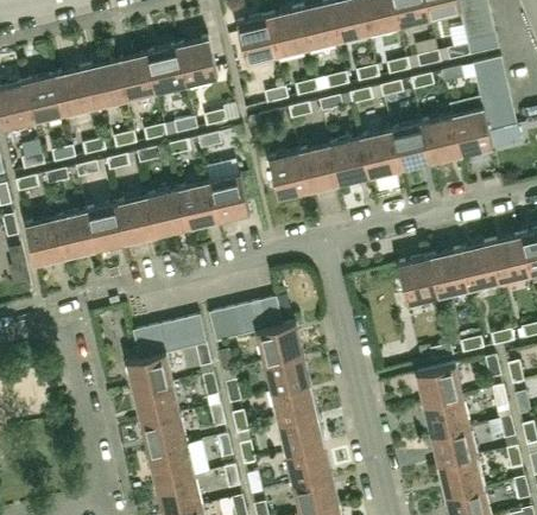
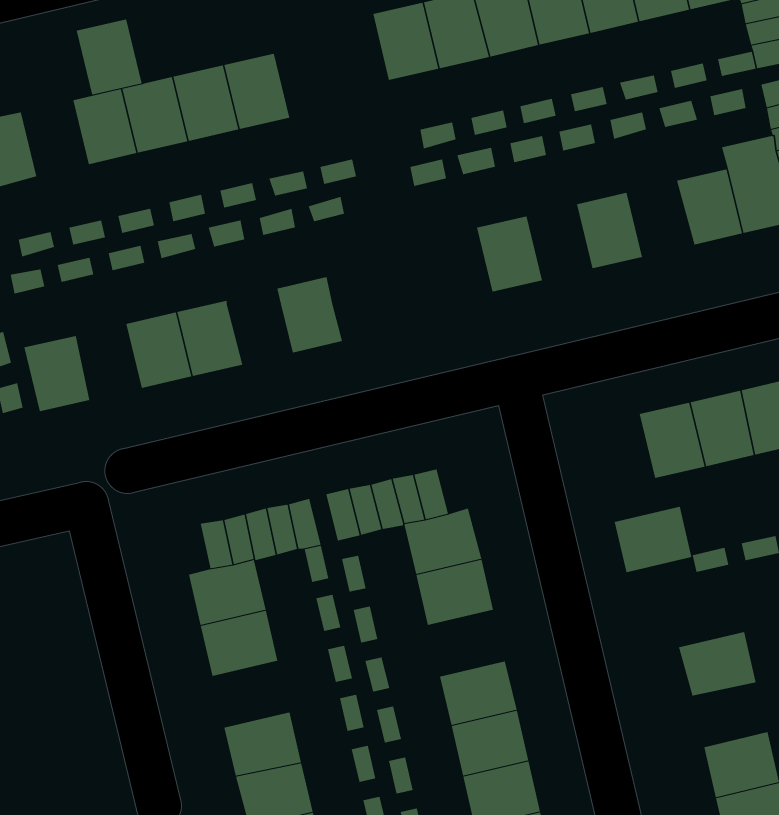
building: [177,39,217,85] -> none
building: [24,75,64,121] -> [76,19,143,95]
building: [391,123,431,170] -> none
building: [330,138,369,184] -> none
building: [268,152,309,198] -> none
building: [209,174,249,221] -> none
building: [149,189,188,235] -> none
building: [57,210,96,256] -> none
building: [415,365,462,406] -> [614,506,692,573]
building: [270,383,317,424] -> none
building: [139,414,187,454] -> none
building: [430,427,476,466] -> none

